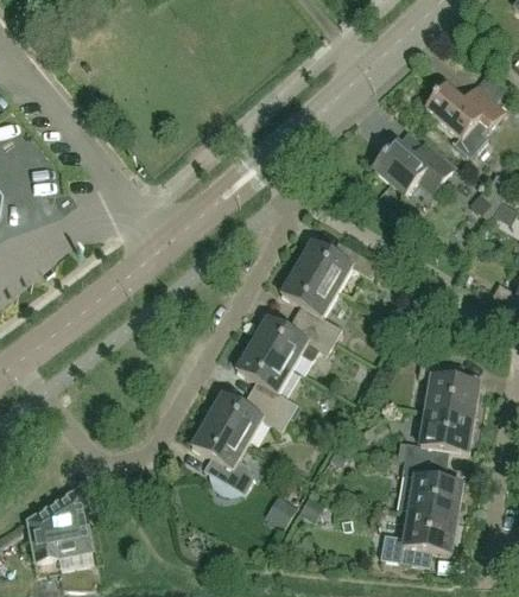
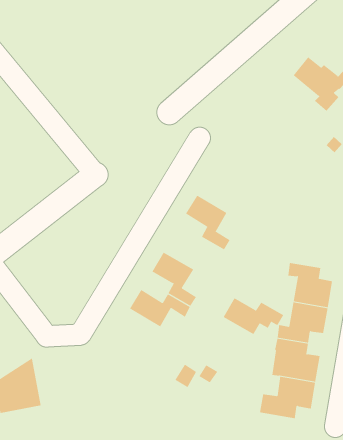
building: [374,139,454,192] -> none
building: [298,240,380,290] -> none
building: [253,316,335,366] -> [223,297,284,335]
building: [192,418,253,493] -> none

